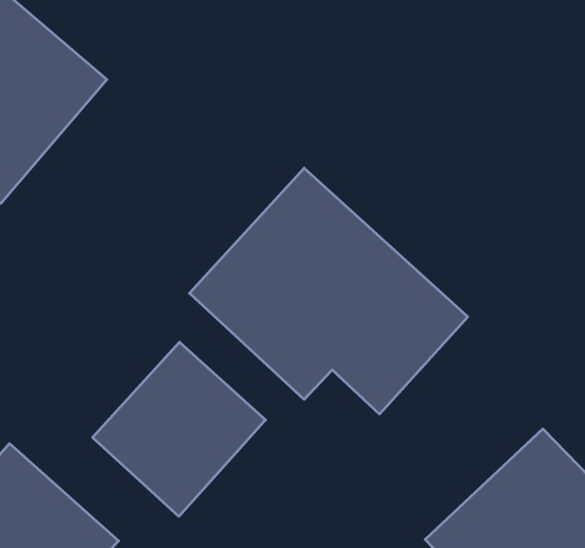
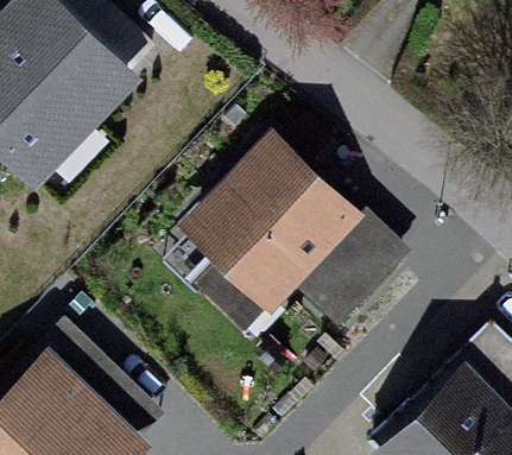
building: [93,342,266,516] -> none

